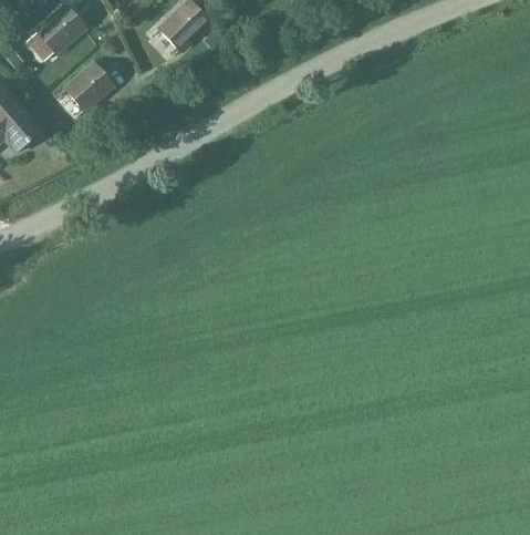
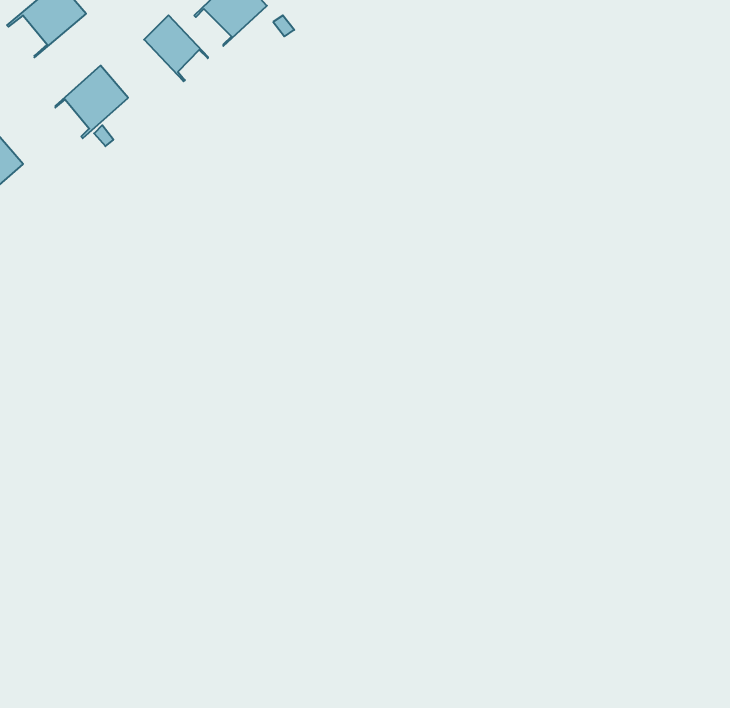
building: none -> [144,15,208,81]

